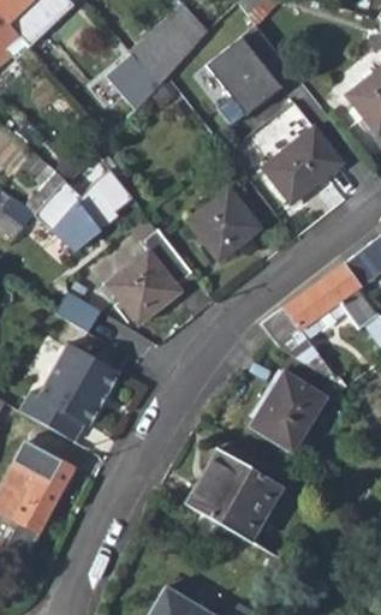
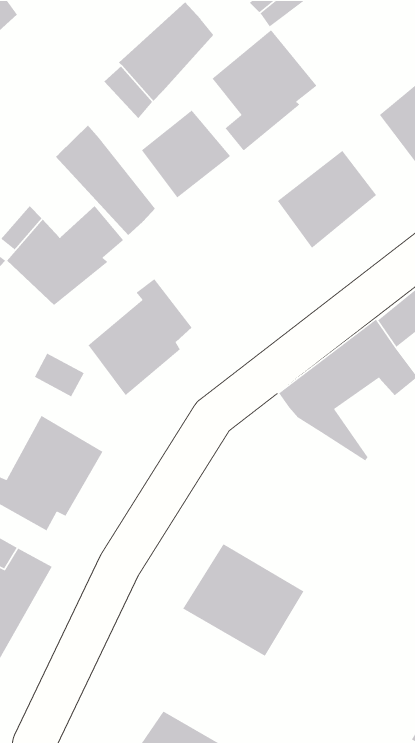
building: none -> [55,125,156,236]
building: [187,187,262,261] -> [141,109,231,198]
building: [251,372,325,452] -> none

